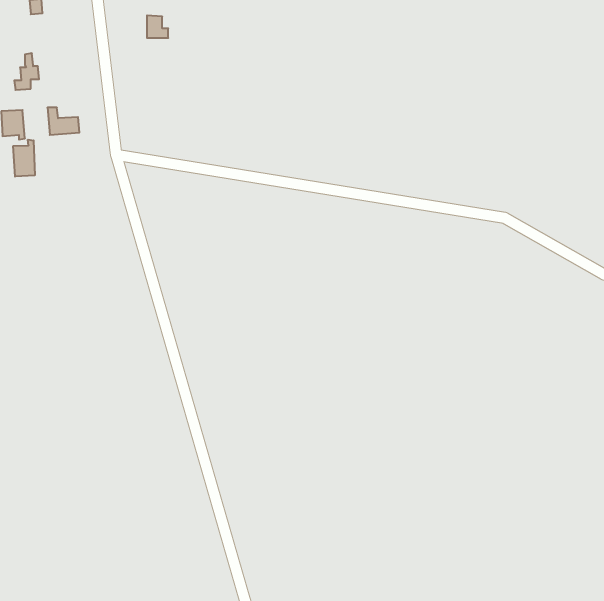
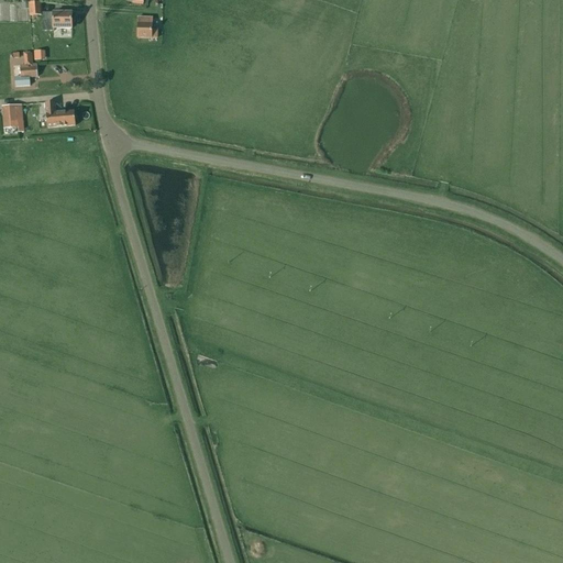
building: none -> [42,10,70,29]
building: [13,140,35,177] -> none

